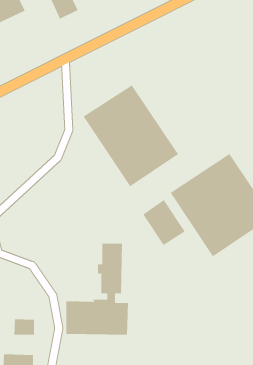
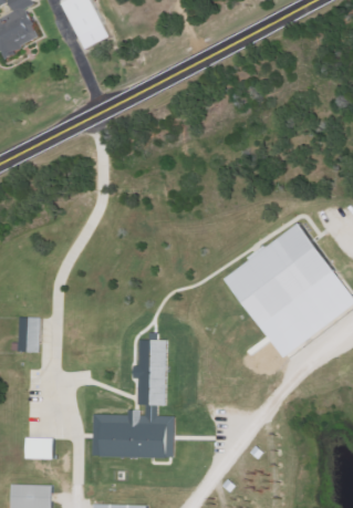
building: [83,84,179,187] -> none
building: [142,199,185,246] -> none
building: none -> [18,318,39,352]

